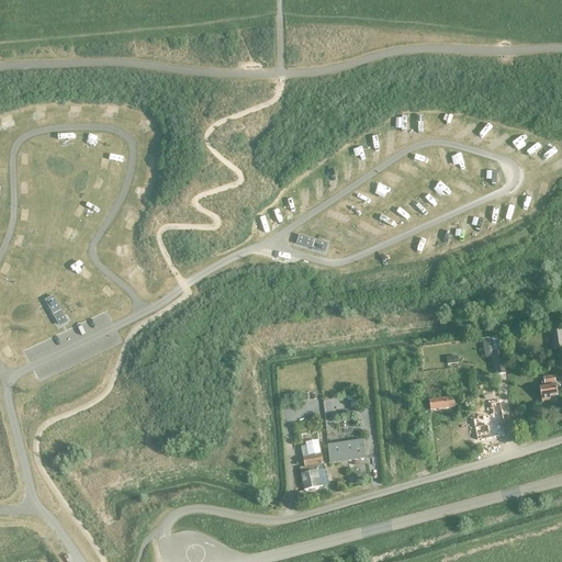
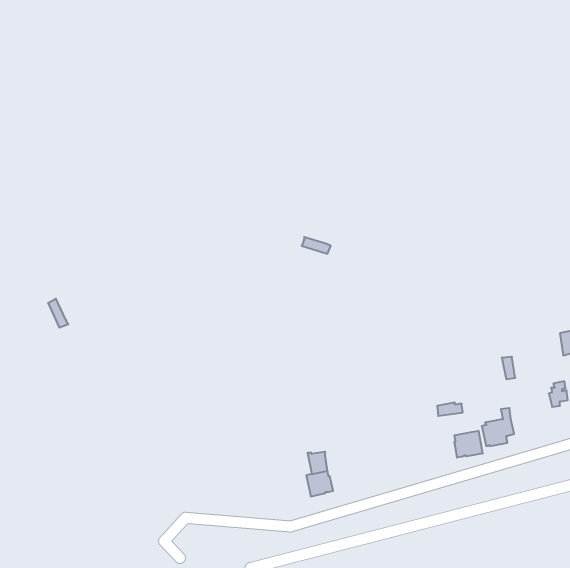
building: none -> [454,431,483,458]
building: [328,438,366,460] -> none

